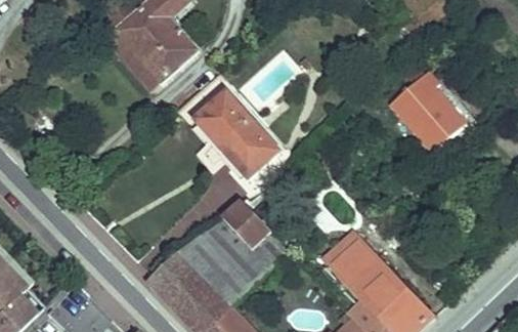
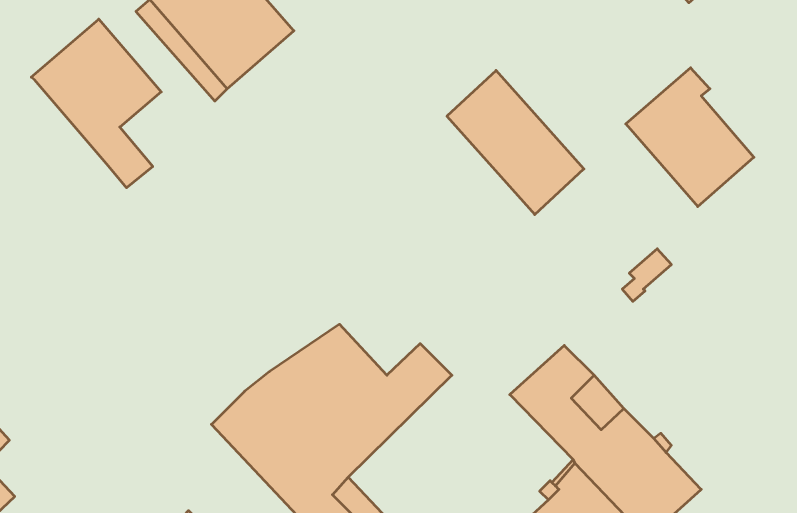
building: none -> [31,19,161,188]
building: [197,94,276,178] -> [447,70,584,215]
building: [222,202,270,250] -> none

